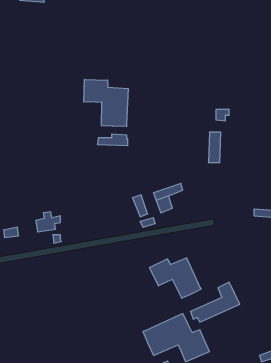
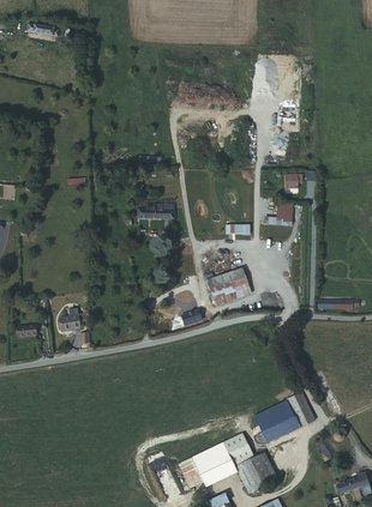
building: [84,79,128,127] -> none
building: [150,258,201,298] -> none

